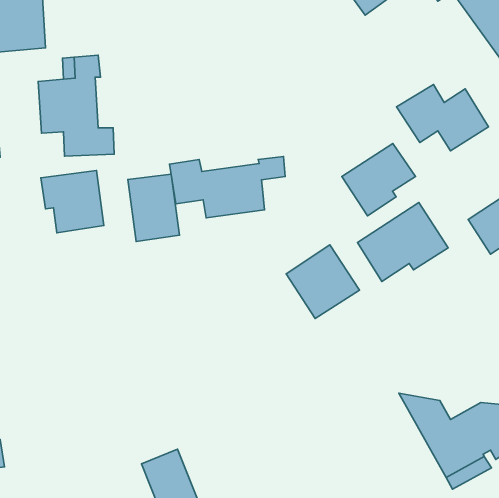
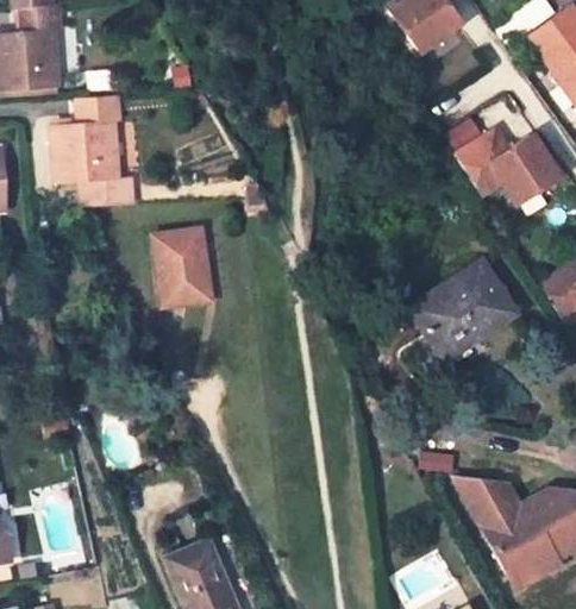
building: [342,143,415,216] -> none
building: [169,157,285,218] -> none
building: [41,170,104,233] -> none
building: [286,245,359,319] -> none

